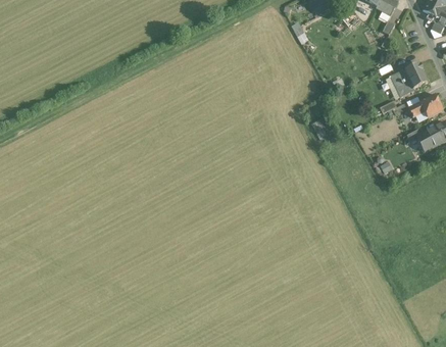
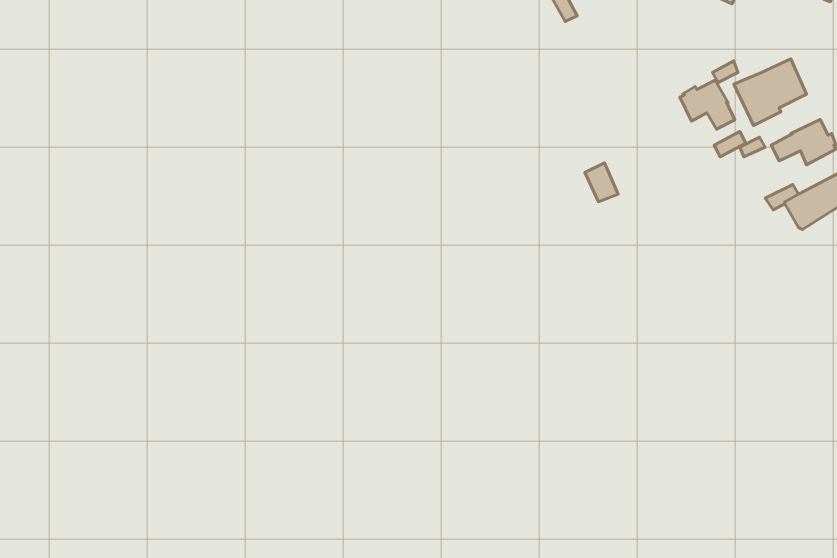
building: none -> [680,80,735,129]

